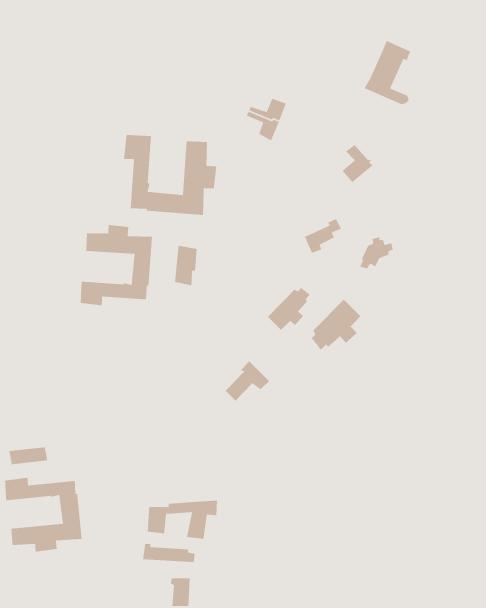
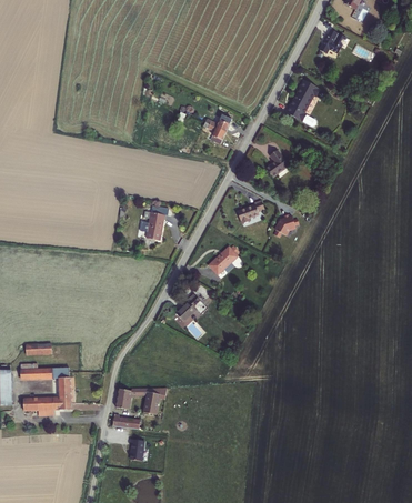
building: [123,134,217,216] -> none
building: [80,224,153,306] -> none
building: [311,299,361,351] -> none

